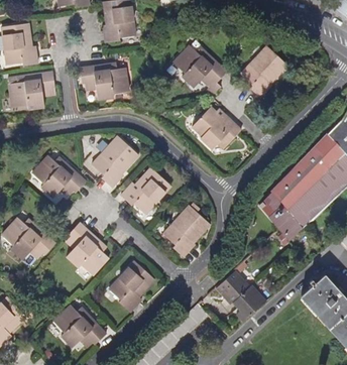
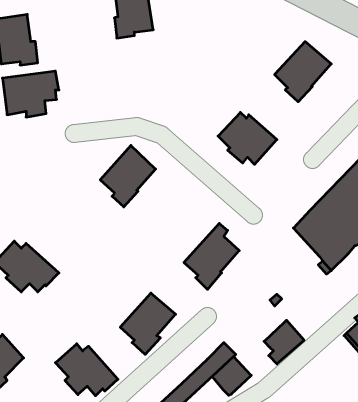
building: [175,44,228,88] -> none
building: [80,62,130,100] -> none
building: [32,154,87,198] -> none
building: [121,166,172,215] -> none
building: [67,221,110,275] -> none
building: [216,269,249,302] -> [212,356,251,395]

